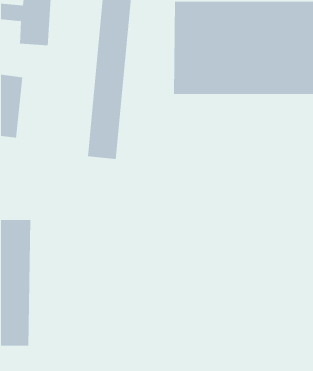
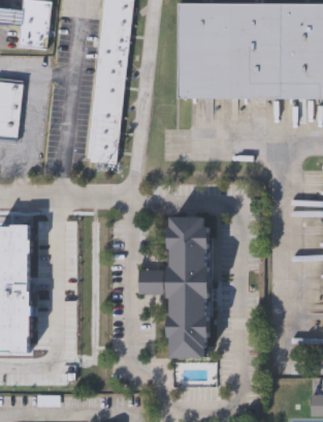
building: none -> [141,217,216,359]

